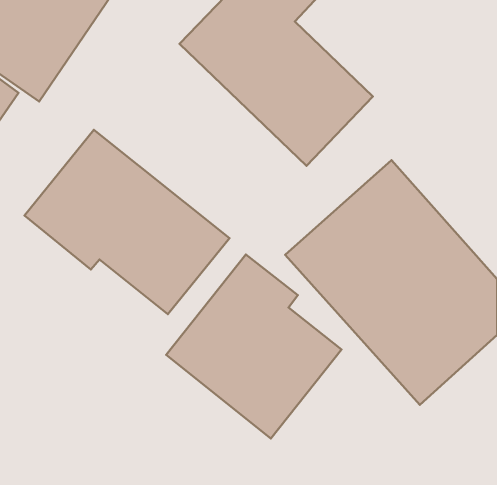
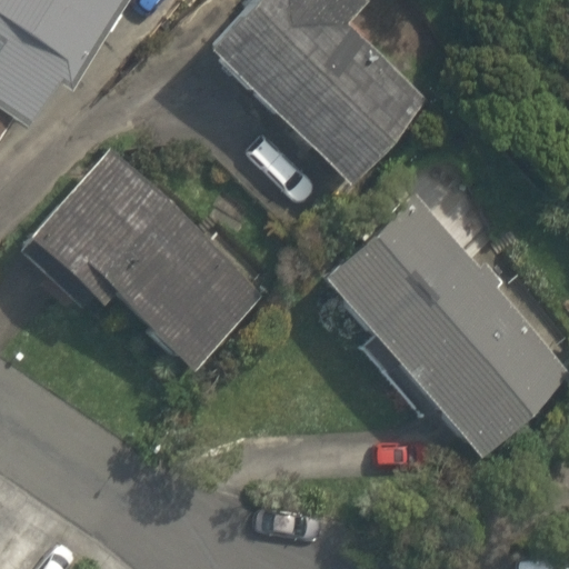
building: [166,254,341,438] -> none

